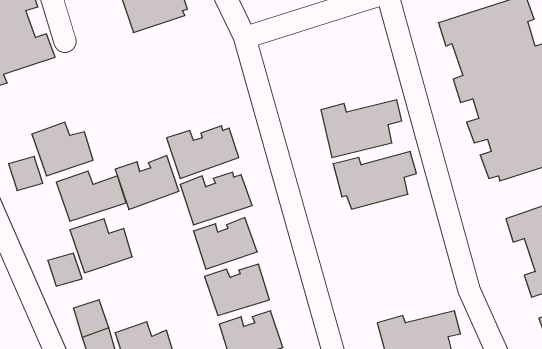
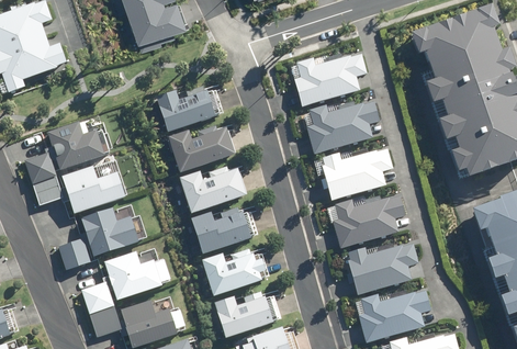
building: none -> [292,54,366,105]
building: [115,156,179,210] -> [156,85,213,133]
building: none -> [33,177,63,205]
building: none -> [330,196,403,248]
building: none -> [348,243,418,294]
building: none -> [103,252,159,301]

